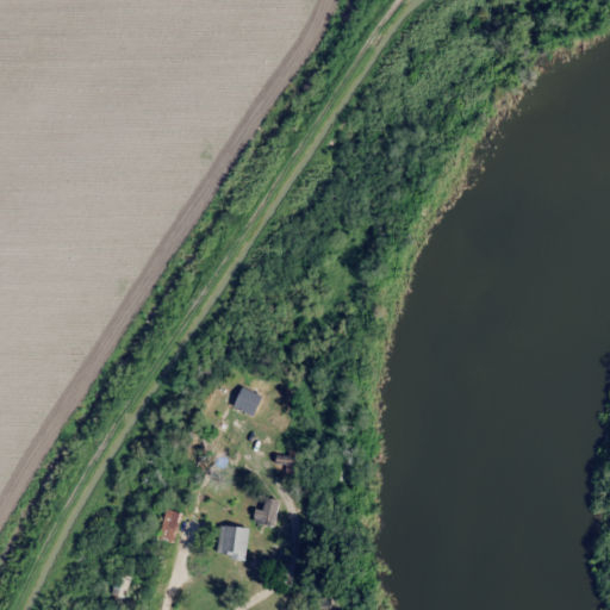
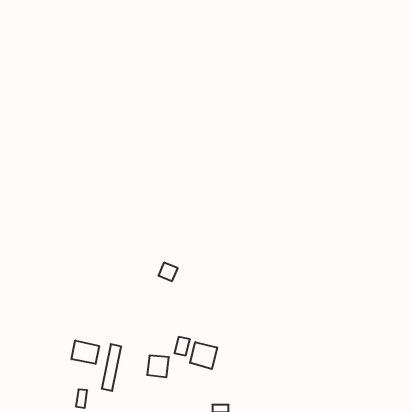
building: none -> [72,340,99,364]
building: none -> [190,342,217,369]

